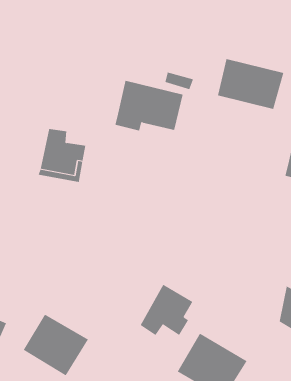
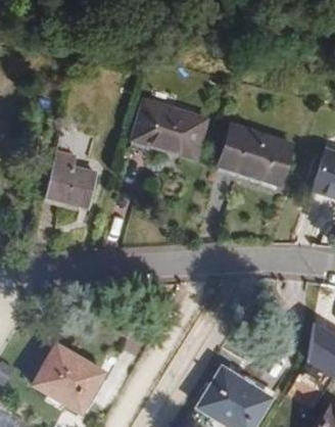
building: [217,59,284,110] -> [219,126,291,181]
building: [140,284,193,336] -> none

